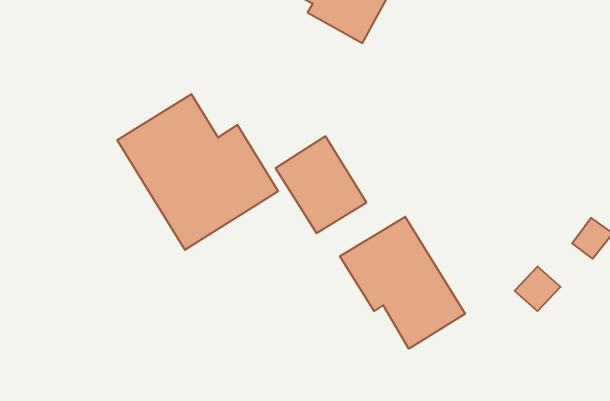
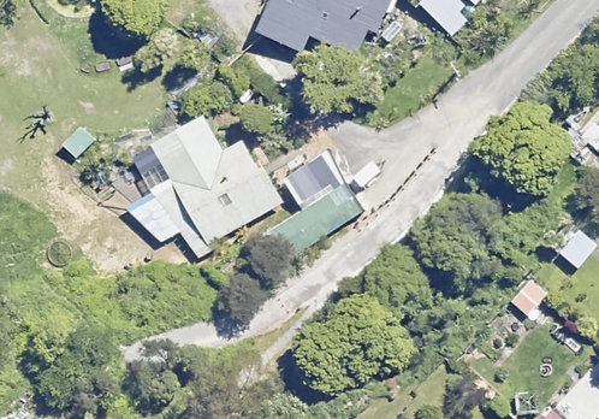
building: [340,217,465,349] -> none

